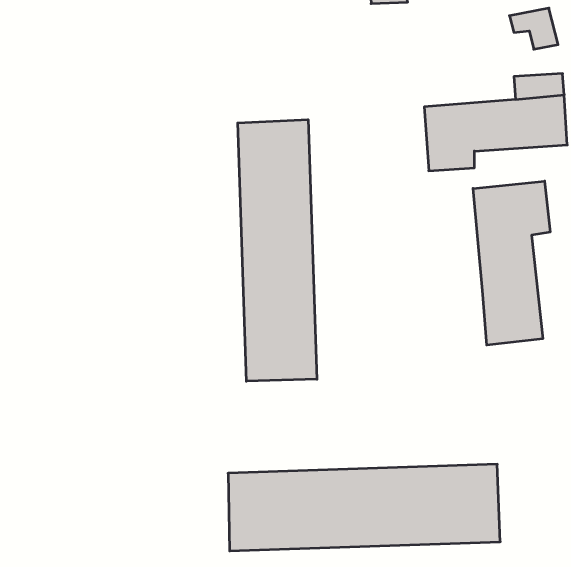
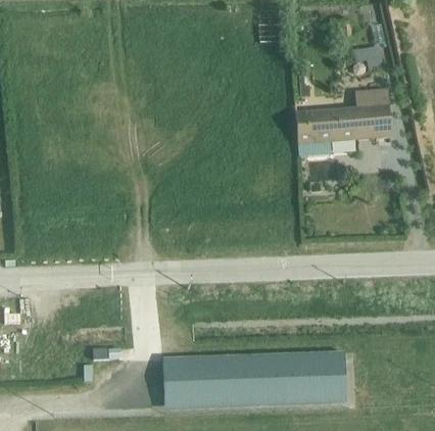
building: [238,120,317,381] -> none
building: [473,181,550,345] -> none

